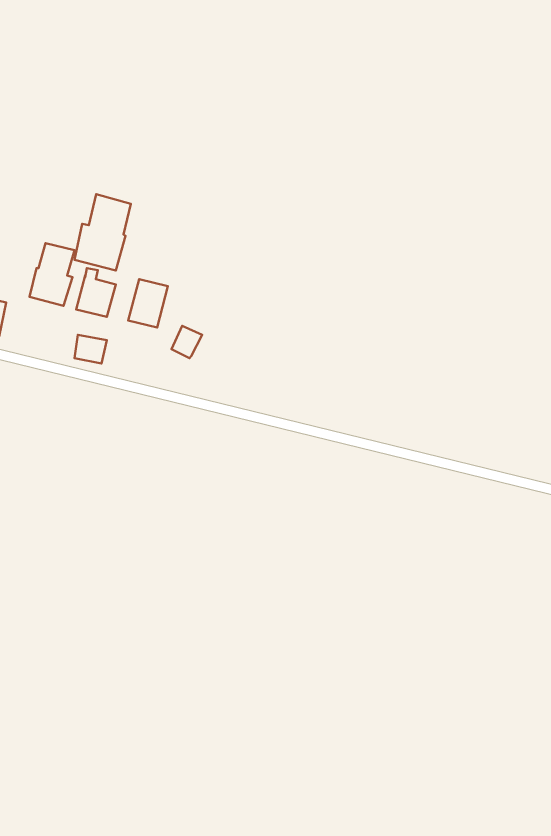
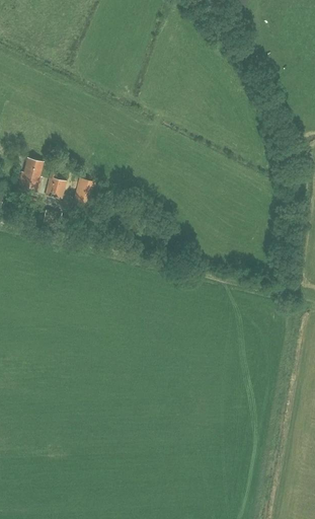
building: [75,194,131,271] -> none

